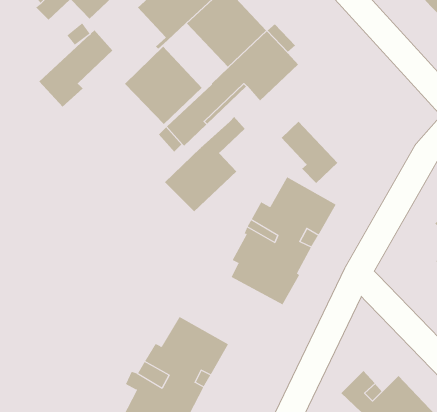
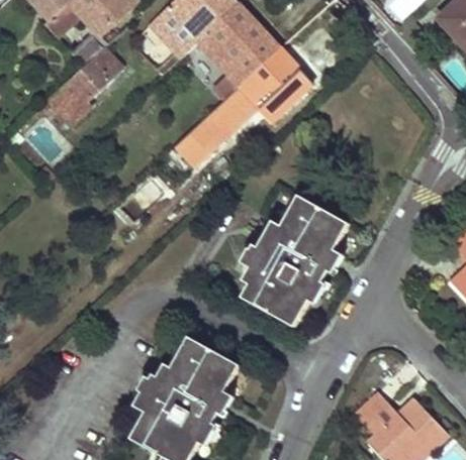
building: [124,46,203,125] -> none
building: [164,116,245,212] -> none
building: [281,121,338,184] -> none

